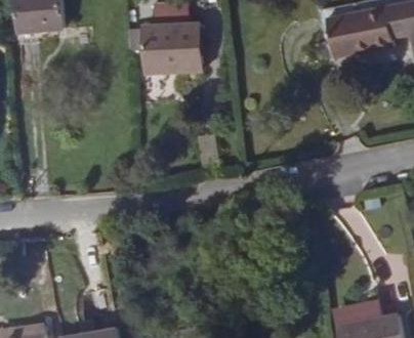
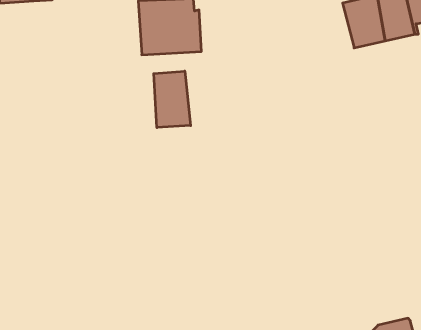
building: none -> [154,71,191,128]

